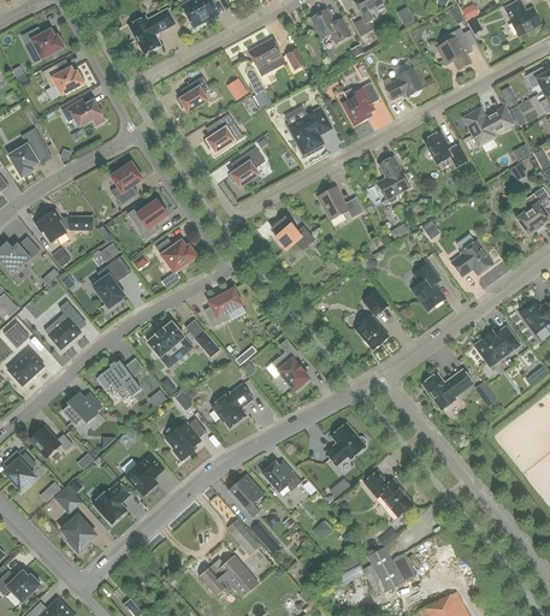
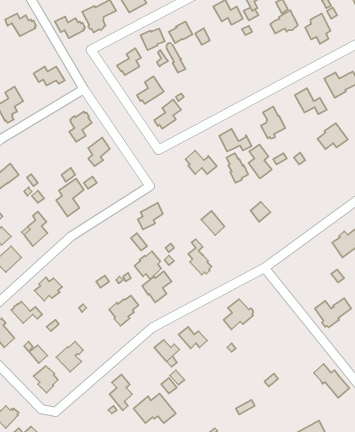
building: none -> [141,28,165,50]
building: [42,64,84,94] -> [55,16,85,38]
building: [385,66,424,99] -> [270,10,298,34]
building: [342,81,380,125] -> none
building: [289,107,331,153] -> none
building: [35,208,93,242] -> none
building: none -> [227,153,248,183]
building: [156,237,196,272] -> none
building: [451,239,493,276] -> [318,123,348,149]
building: [413,262,445,309] -> [248,144,272,178]
building: [355,314,388,348] -> [201,211,225,235]
building: [148,321,185,360] -> [134,251,161,279]
building: [96,356,144,401] -> none
building: [422,368,473,409] -> [315,298,351,328]
building: [125,455,162,494] -> none
building: [365,469,414,516] -> [314,364,349,398]
building: none -> [109,374,132,410]
building: [368,546,403,590] -> none

